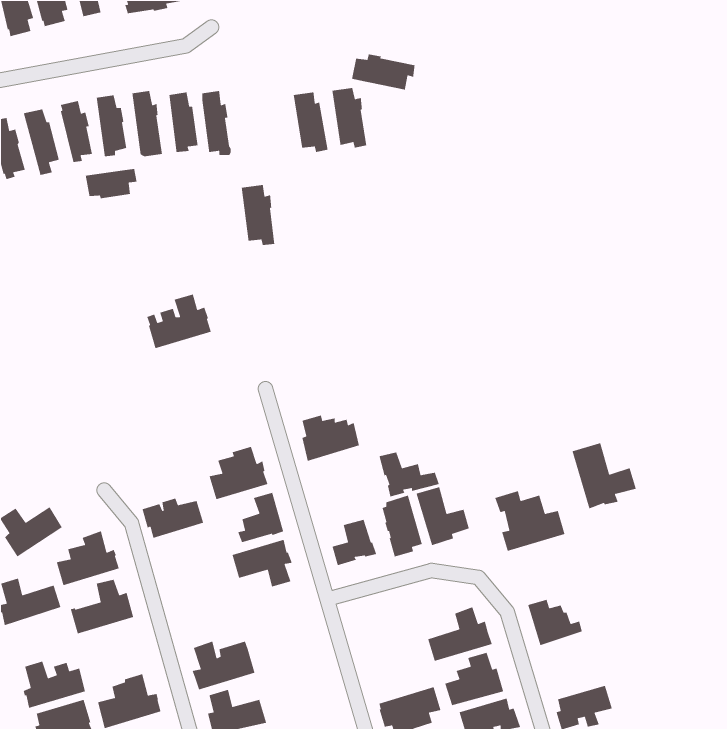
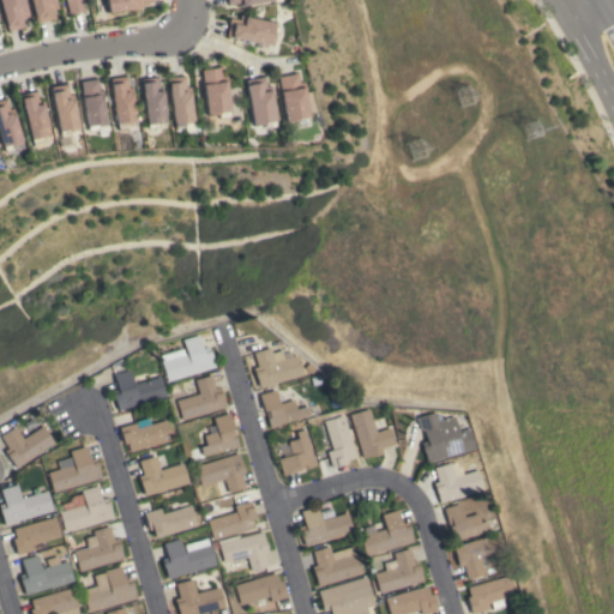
building: [351,53,415,91] -> [228,16,282,47]
building: [85,168,137,199] -> none
building: [241,184,275,246] -> [204,68,233,120]
building: [146,294,212,349] -> [162,336,217,383]
building: none -> [114,371,168,411]
building: [572,442,637,509] -> none
building: [378,452,440,497] -> [261,391,313,429]
building: none -> [140,457,189,496]
building: none -> [435,463,484,504]
building: none -> [210,501,259,541]
building: none -> [145,506,199,538]
building: none -> [300,507,355,547]
building: none -> [14,517,62,556]
building: none -> [76,526,126,572]
building: none -> [221,532,270,572]
building: none -> [455,534,505,580]
building: none -> [313,547,363,586]
building: none -> [236,573,289,606]

